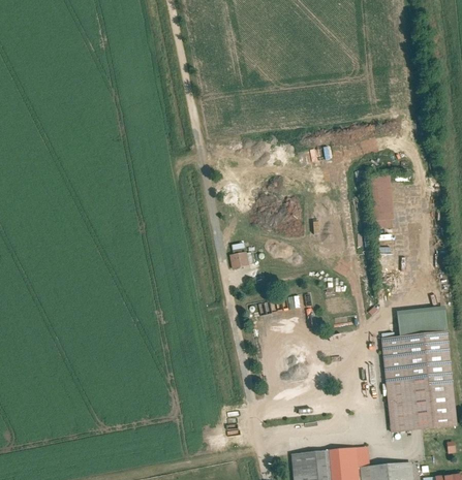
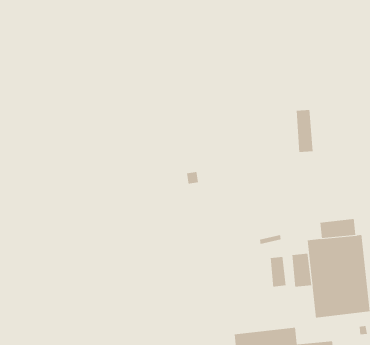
building: none -> [292,253,312,288]
building: none -> [270,256,286,287]

